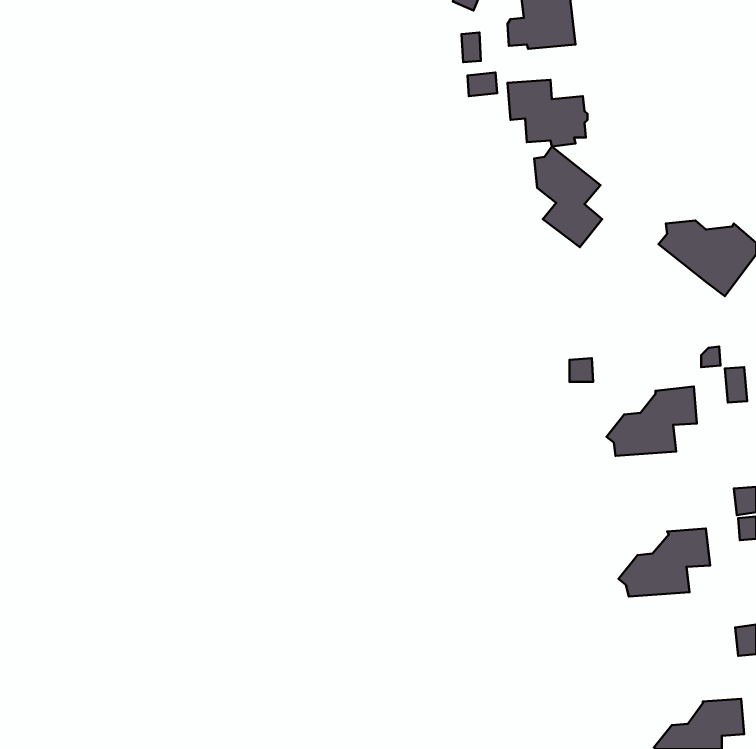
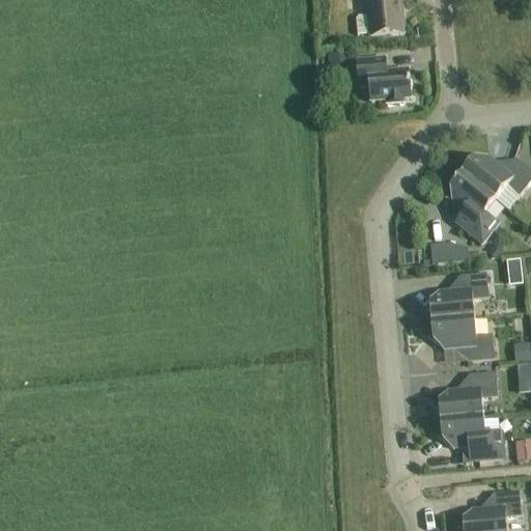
building: [534,147,602,247] -> [449,171,497,242]
building: none -> [431,242,469,263]
building: none -> [427,316,494,362]
building: none -> [437,415,503,460]

